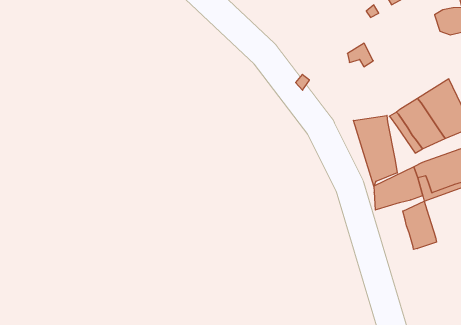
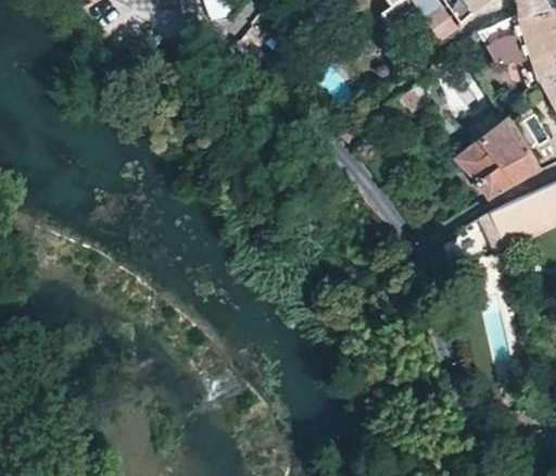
building: [353,115,397,186] -> none
building: [403,201,436,249] -> none

